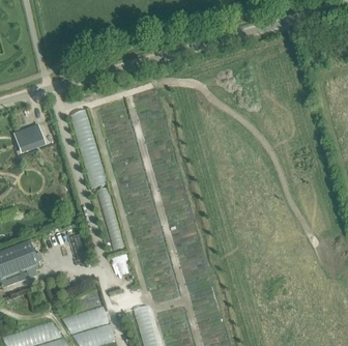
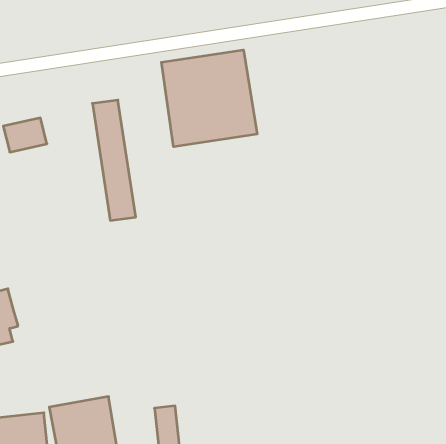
building: none -> [161,50,257,147]

